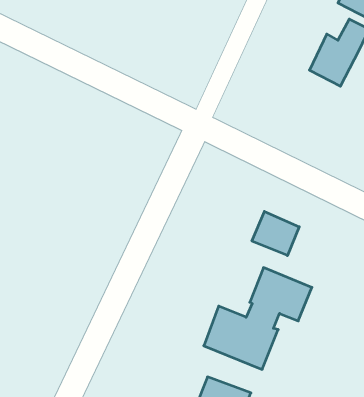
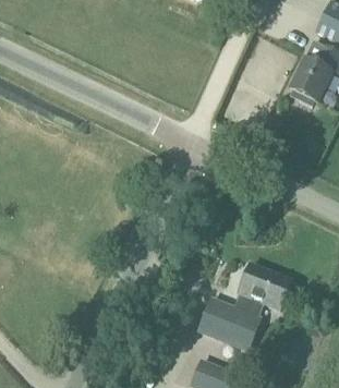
building: [252,211,299,256] -> none

